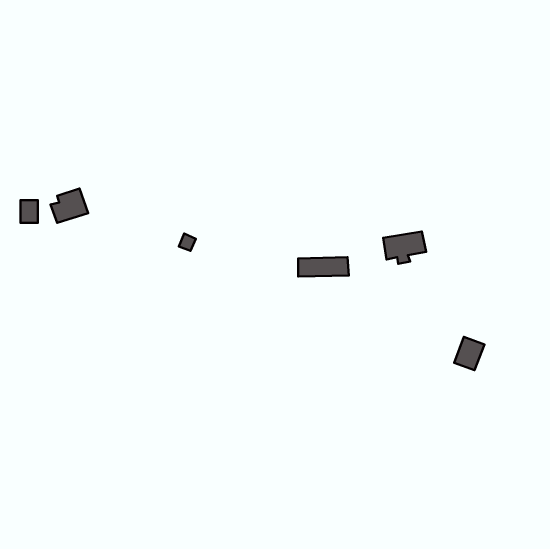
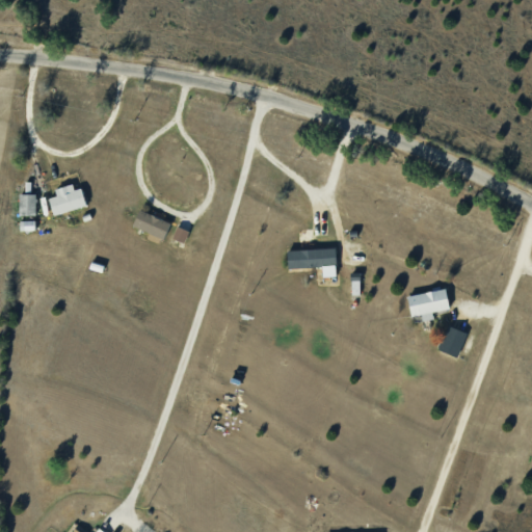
building: none -> [133,210,171,240]
building: [383,231,426,264] -> [408,290,450,321]

